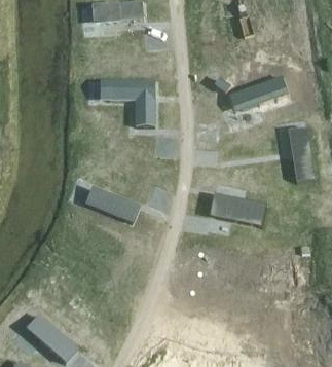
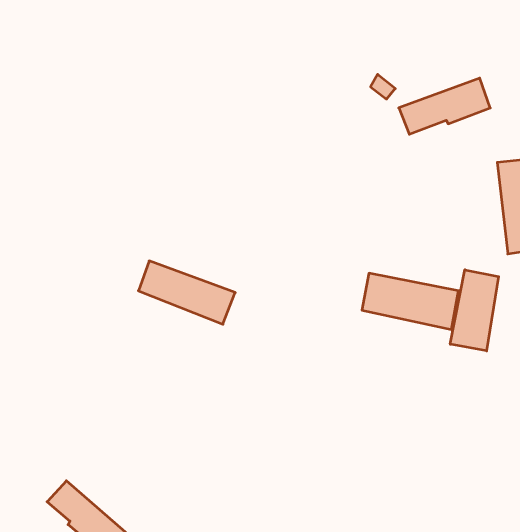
building: [100,80,153,123] -> none
building: none -> [450,270,499,351]

